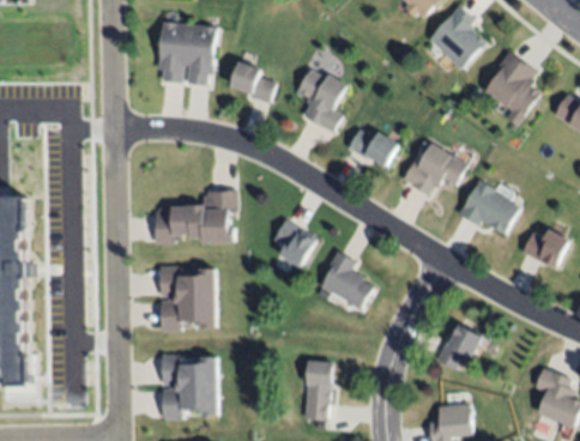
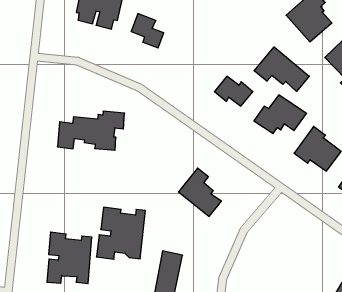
building: [298,70,348,131] -> none
building: none -> [254,47,309,91]
building: [274,219,318,268] -> none
building: [157,264,213,331] -> [96,207,145,259]
building: [434,321,482,370] -> none

